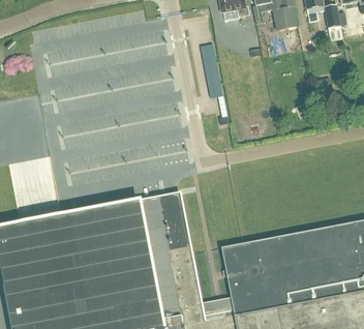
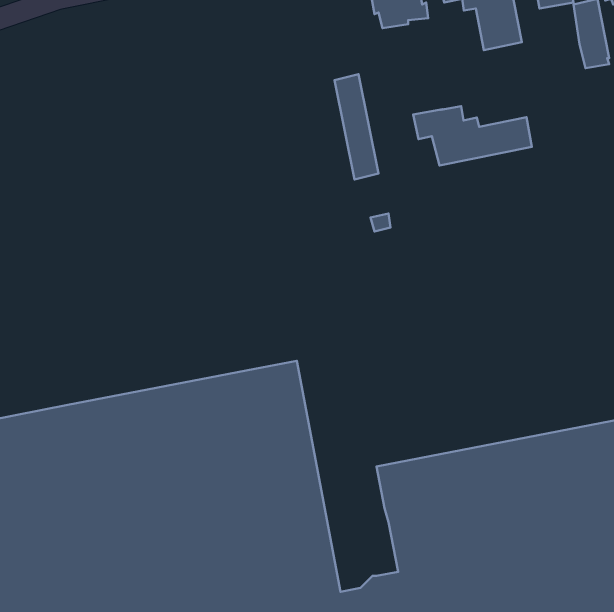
building: none -> [413,106,532,165]

